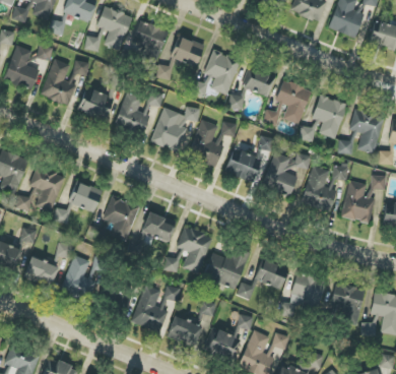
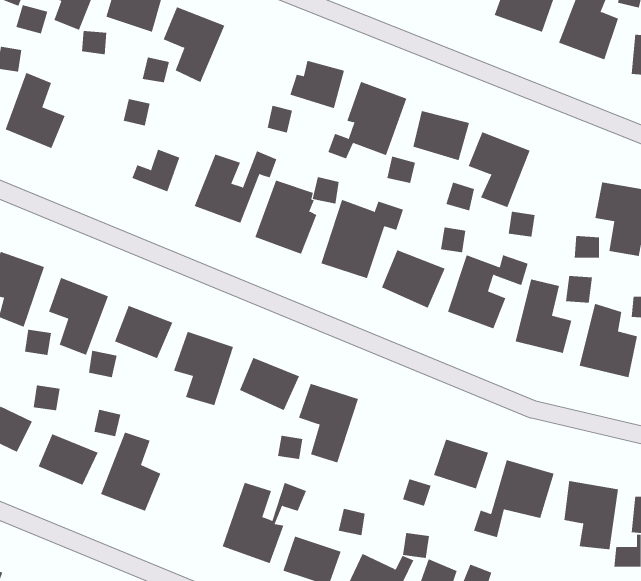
building: [131,19,167,56] -> none
building: [40,59,76,106] -> none
building: [312,95,346,138] -> none
building: [203,246,249,290] -> none

